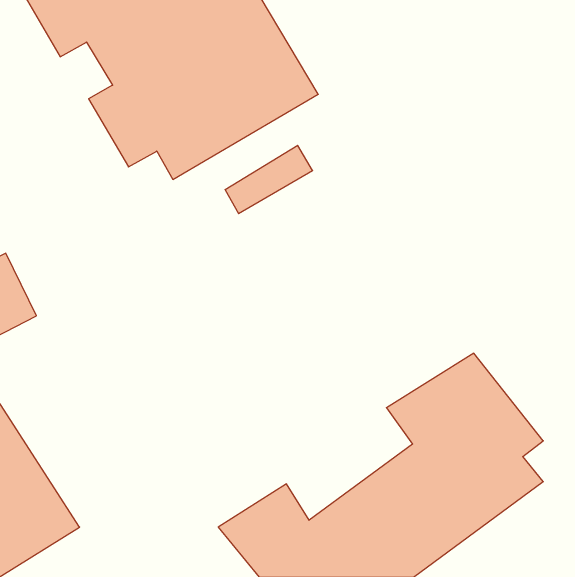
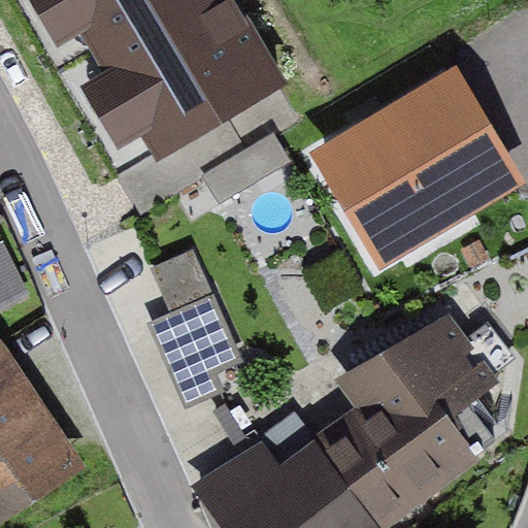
building: none -> [323,77,507,250]
building: none -> [152,249,237,399]

